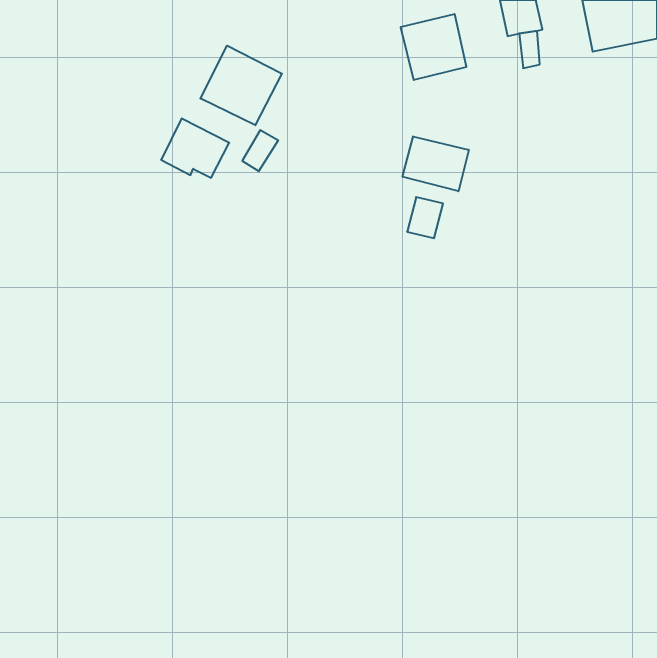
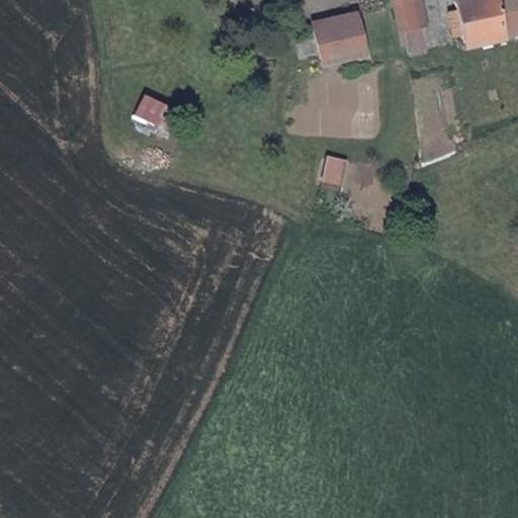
building: [200,46,282,125] -> none
building: [403,136,469,191] -> none

